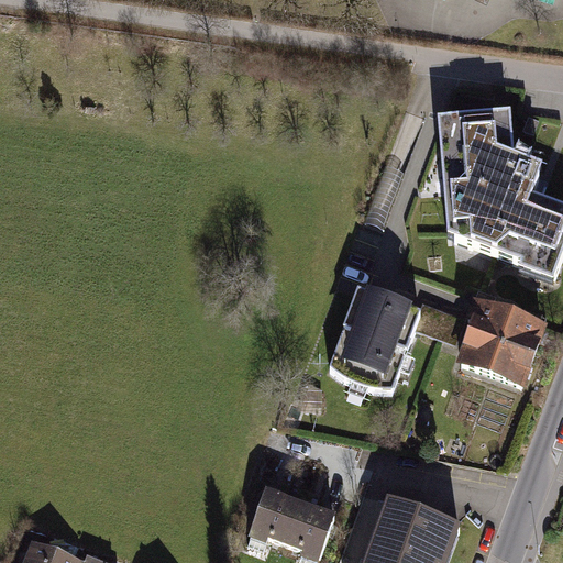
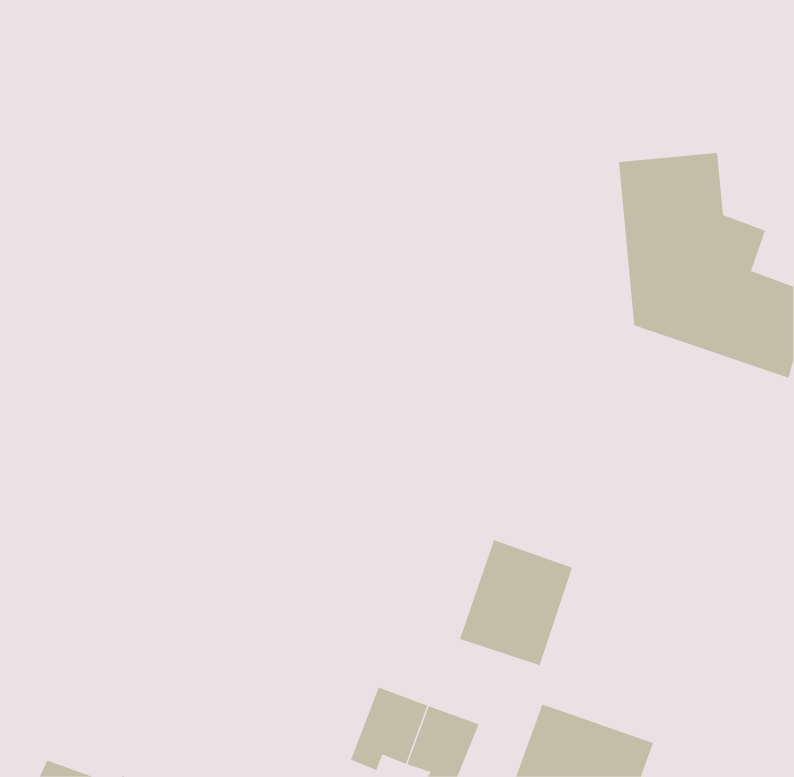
building: [336,289,417,378] -> [459,540,573,666]
building: [452,297,548,384] -> none

